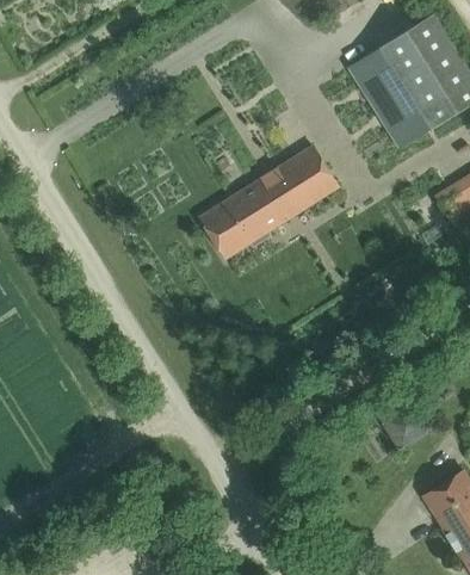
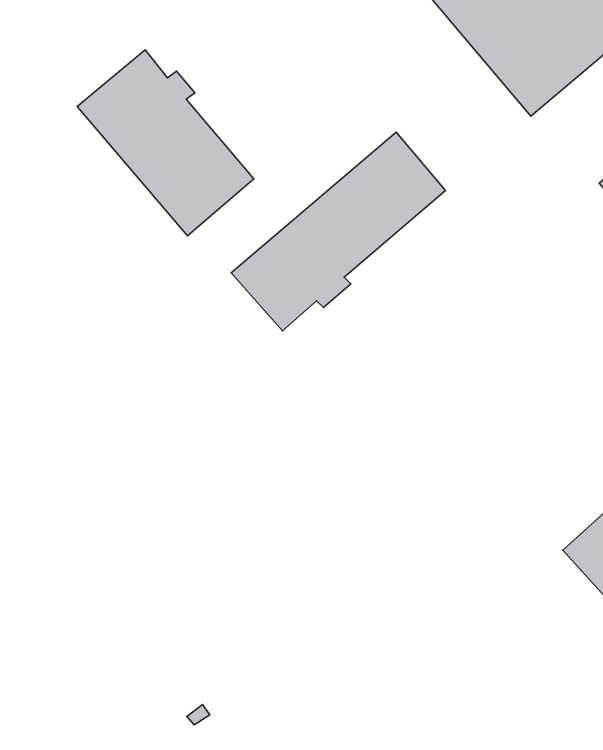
building: none -> [77,50,254,236]

